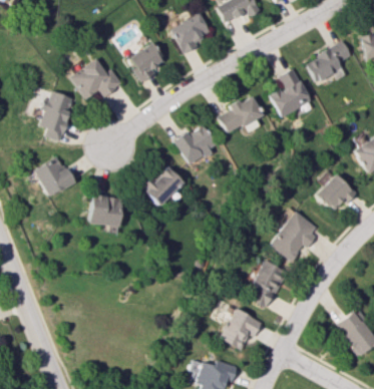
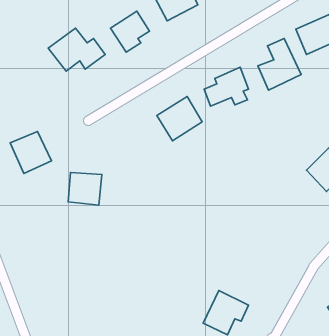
building: [40,92,75,142] -> none
building: [140,164,182,206] -> none
building: [270,211,320,262] -> none
building: [250,261,285,308] -> none

